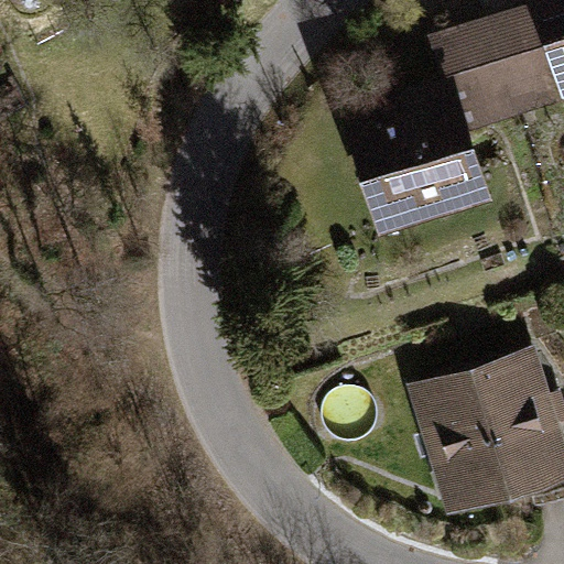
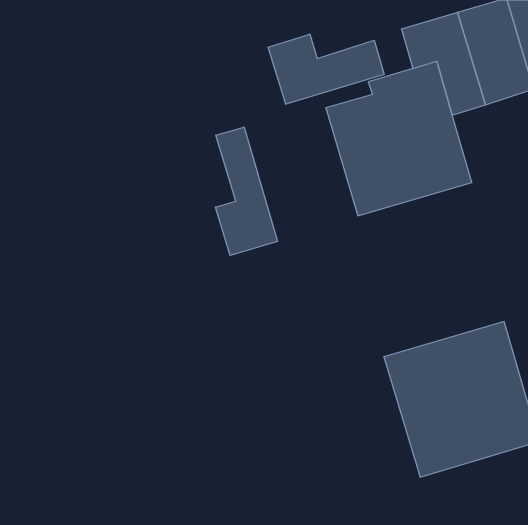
building: none -> [268,34,384,104]
building: none -> [216,127,277,256]

